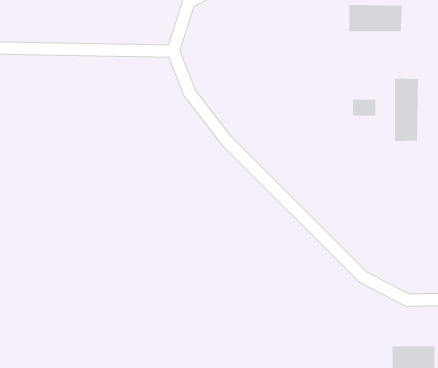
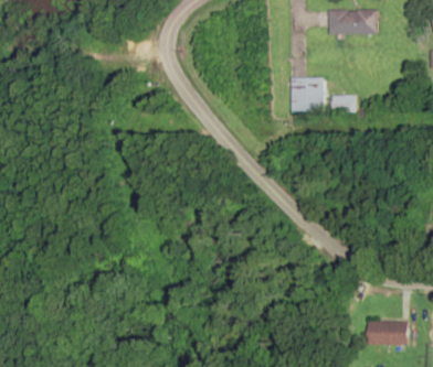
building: [395,78,418,142] -> none
building: none -> [292,77,324,111]

